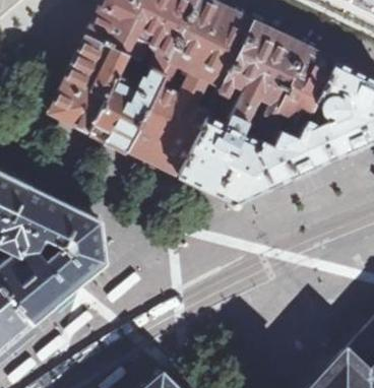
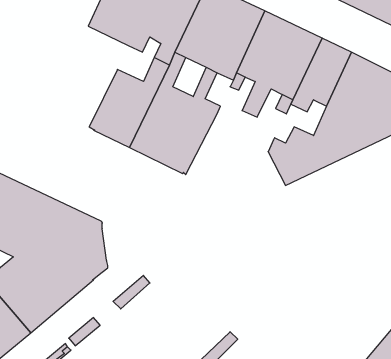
building: [51,37,126,131] -> none
building: [180,115,273,203] -> none

